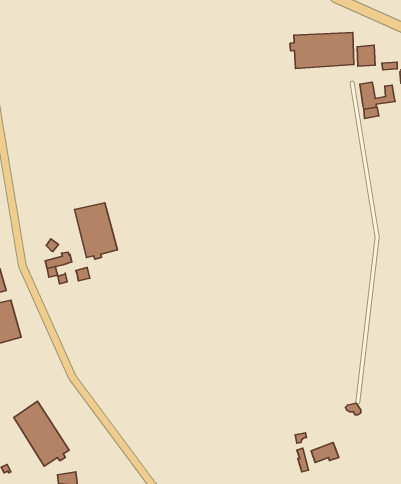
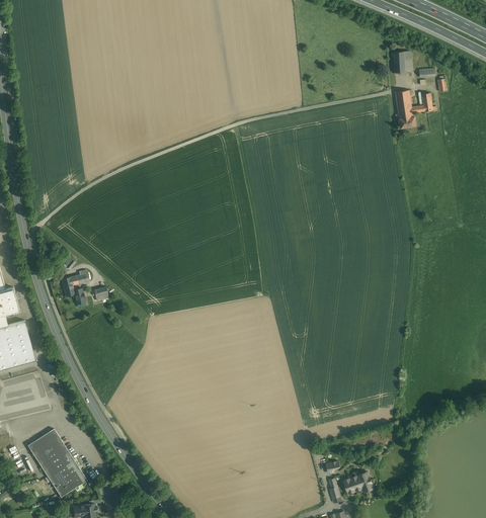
building: [290,32,354,68] -> none
building: [75,203,117,259] -> none

